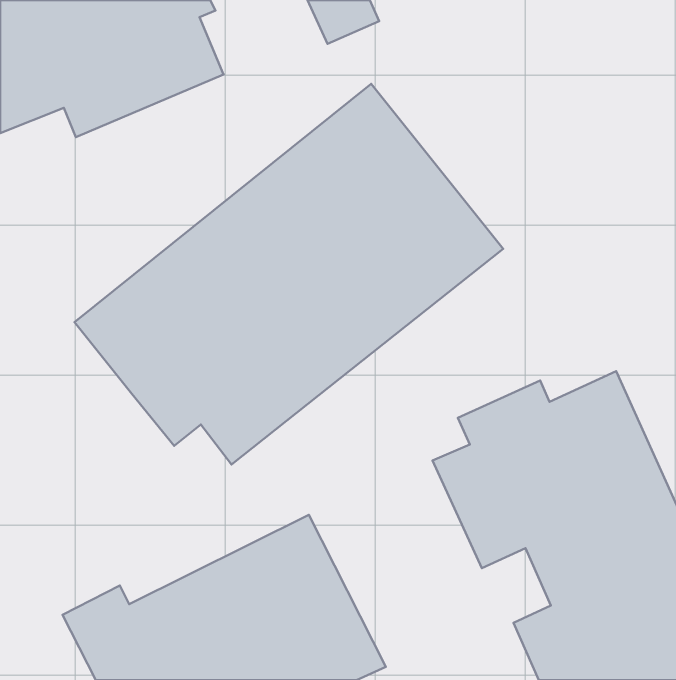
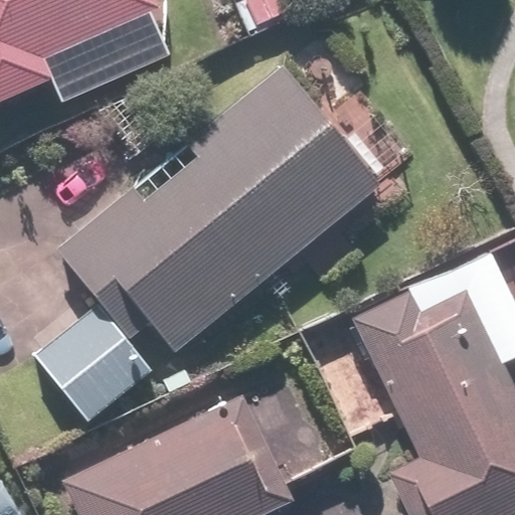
building: none -> [34,298,158,421]

